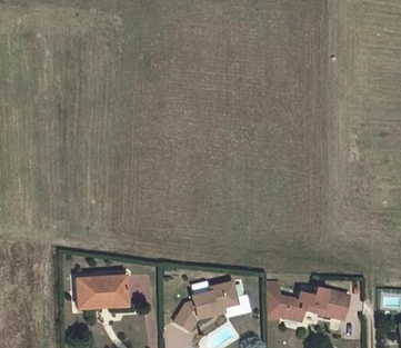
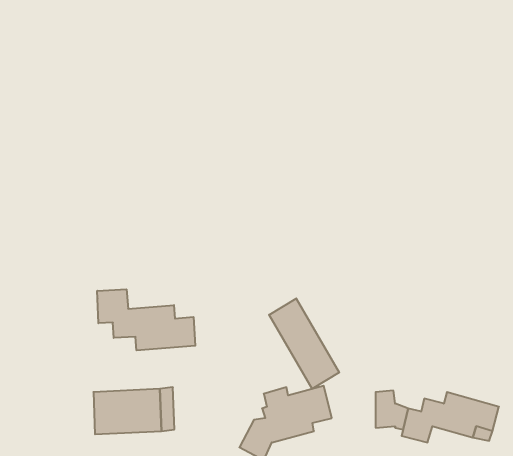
building: none -> [97,289,195,350]
building: none -> [269,298,339,389]

